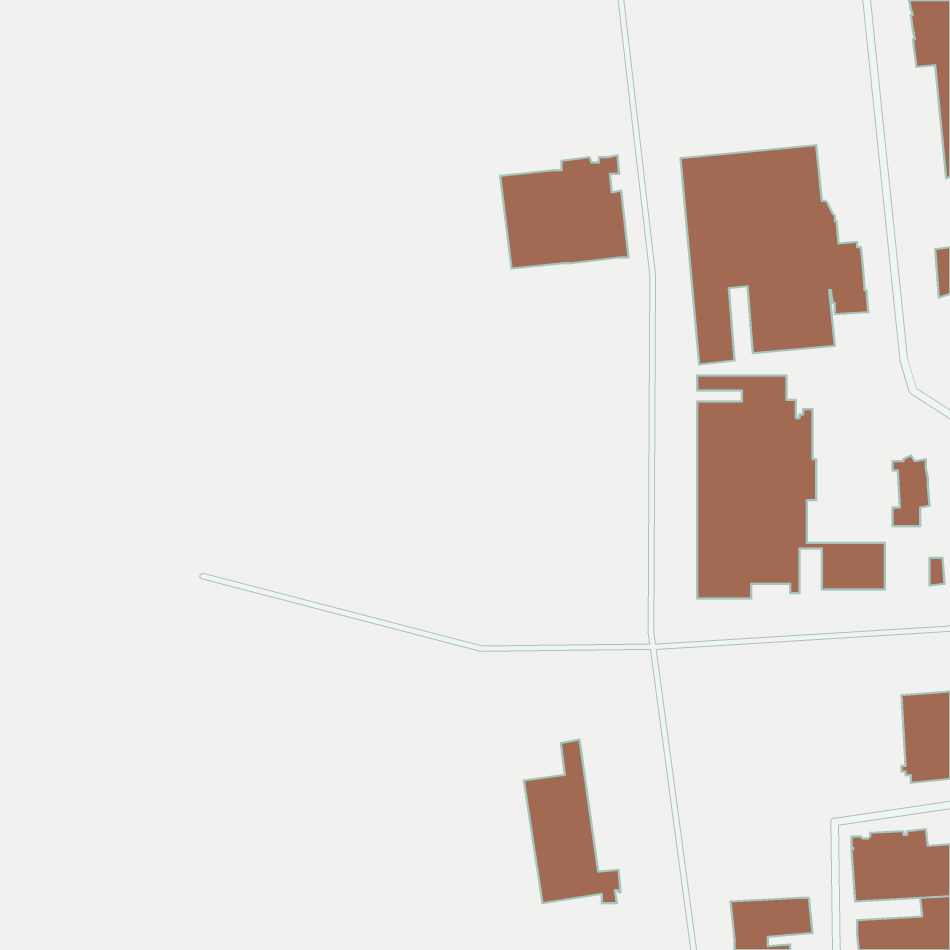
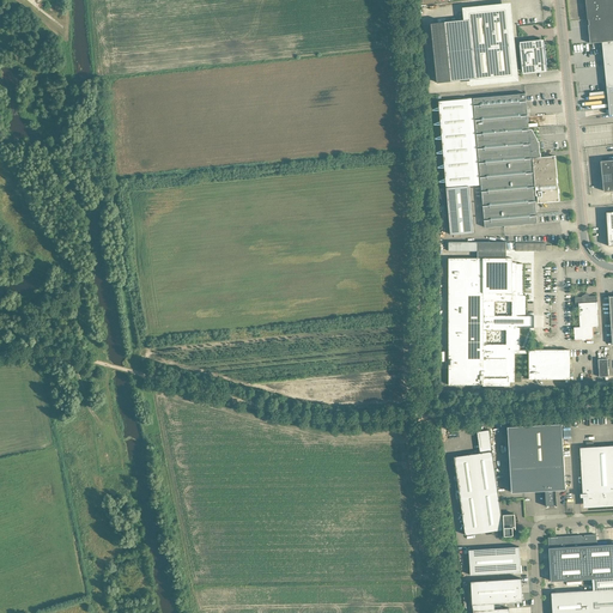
building: none -> [520,40,547,72]
building: [500,155,629,269] -> [430,10,512,83]
building: none -> [508,424,565,506]
building: [524,740,620,903] -> [454,430,516,535]
building: none -> [469,546,521,575]

